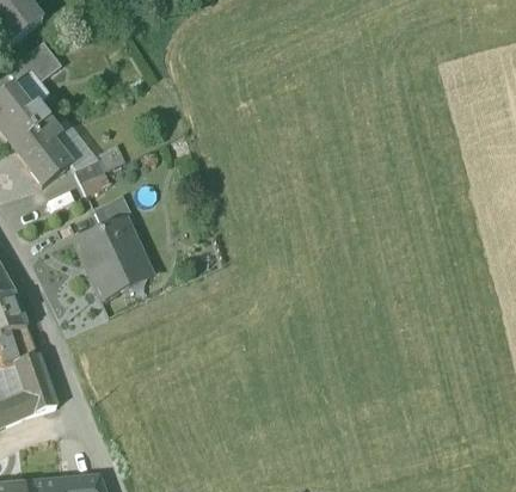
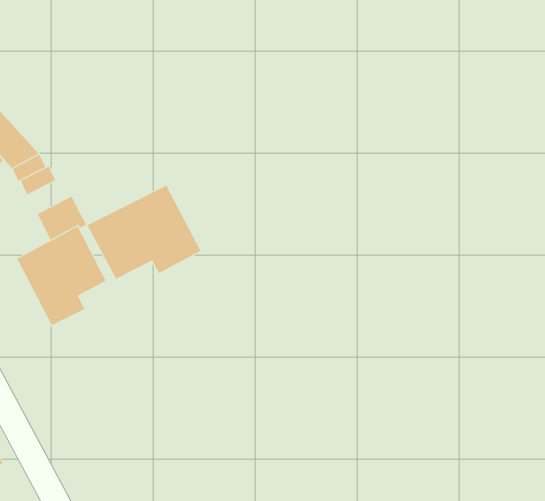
building: none -> [87,185,201,279]

